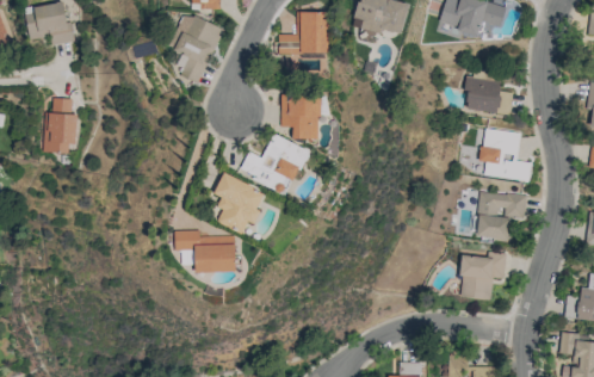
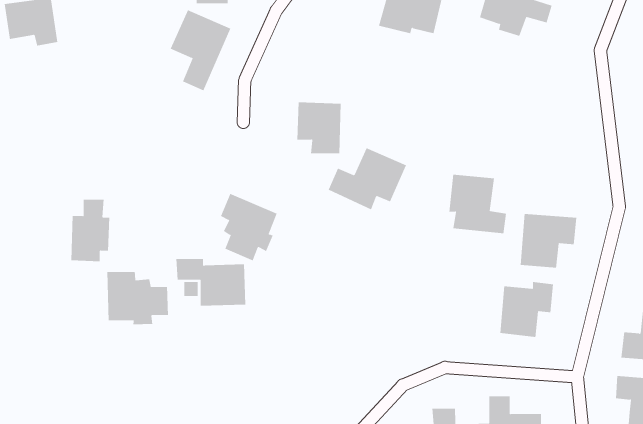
building: [279,11,329,70] -> none
building: [463,76,513,115] -> none
building: [42,98,76,153] -> [71,199,110,262]
building: [479,128,531,180] -> [448,174,507,234]
building: [240,134,309,188] -> [328,148,407,210]
building: none -> [107,271,168,325]

